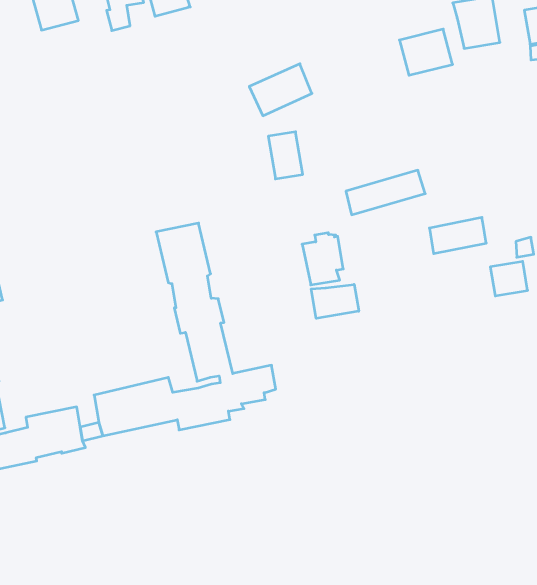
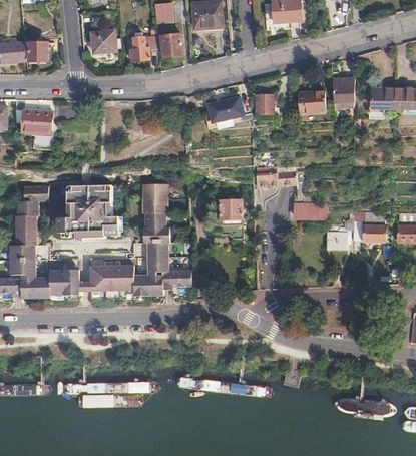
building: [268,132,303,179] -> [256,95,272,120]
building: none -> [60,190,119,246]
building: [311,284,359,318] -> none

